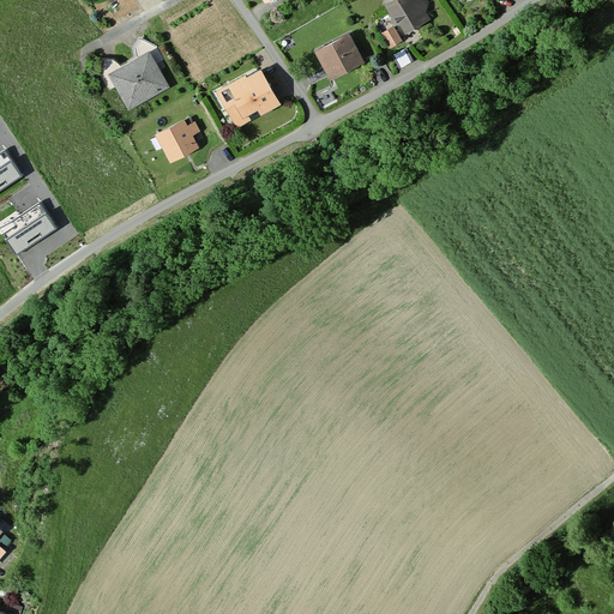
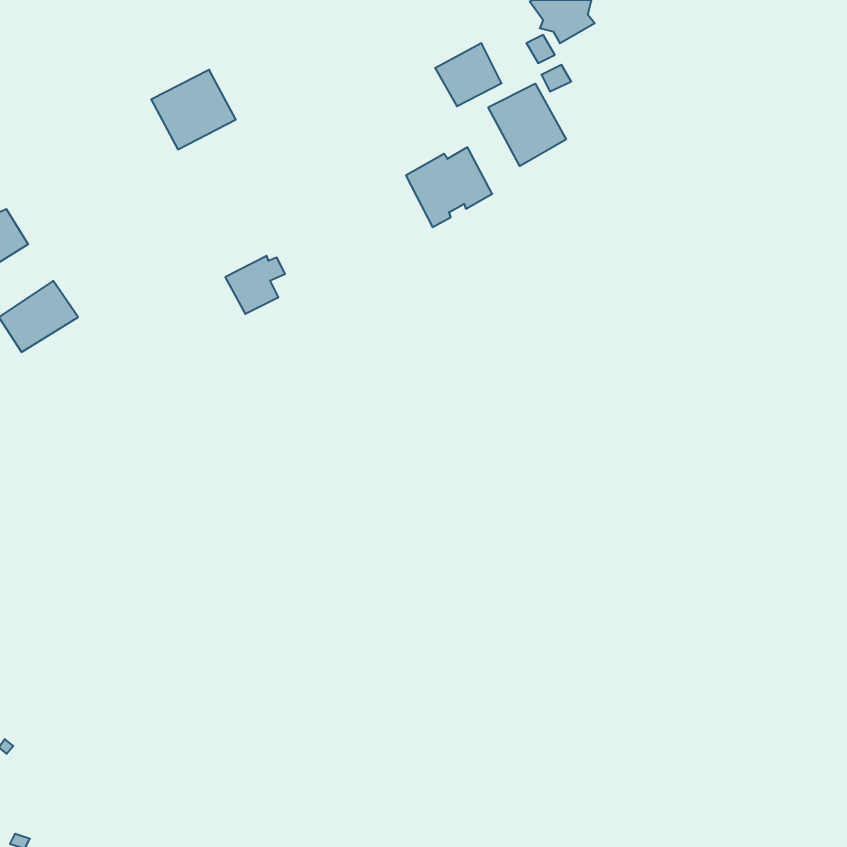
building: none -> [488,84,566,166]
building: [216,68,278,126] -> [406,147,492,227]
building: [156,119,199,161] -> [225,256,285,314]

